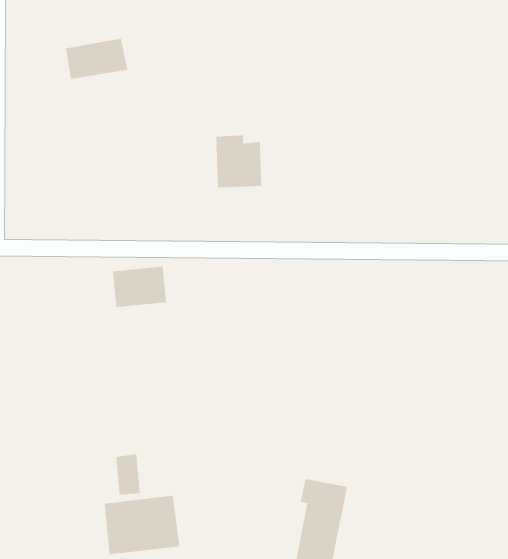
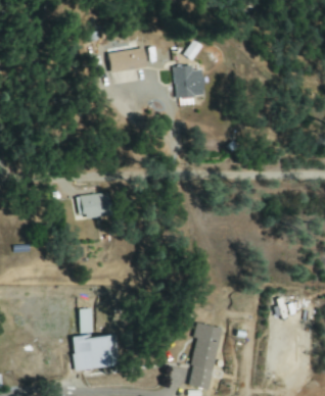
building: [65,38,128,80] -> [108,47,147,72]
building: [216,135,262,188] -> [174,64,202,97]

